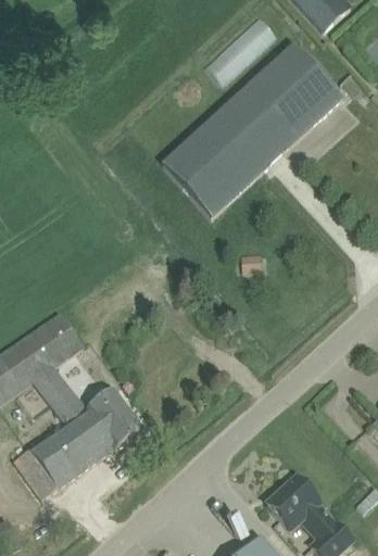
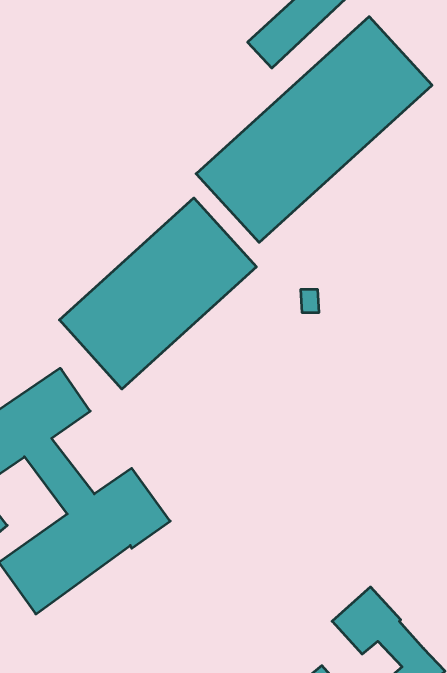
building: none -> [59,198,256,389]

